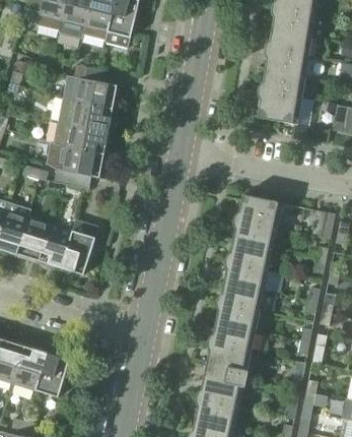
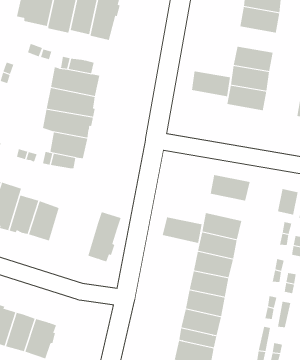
building: [267,32,310,60] -> [191,71,231,97]
building: [232,215,277,245] -> [162,217,203,244]
building: [61,218,98,274] -> [87,211,122,262]

